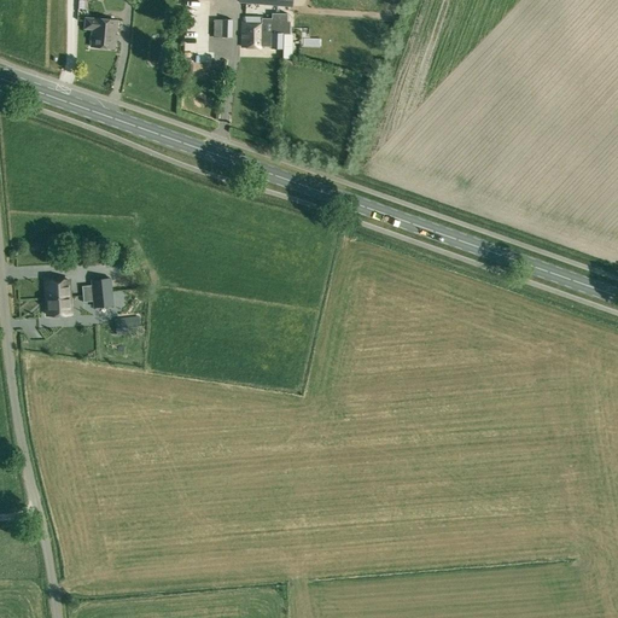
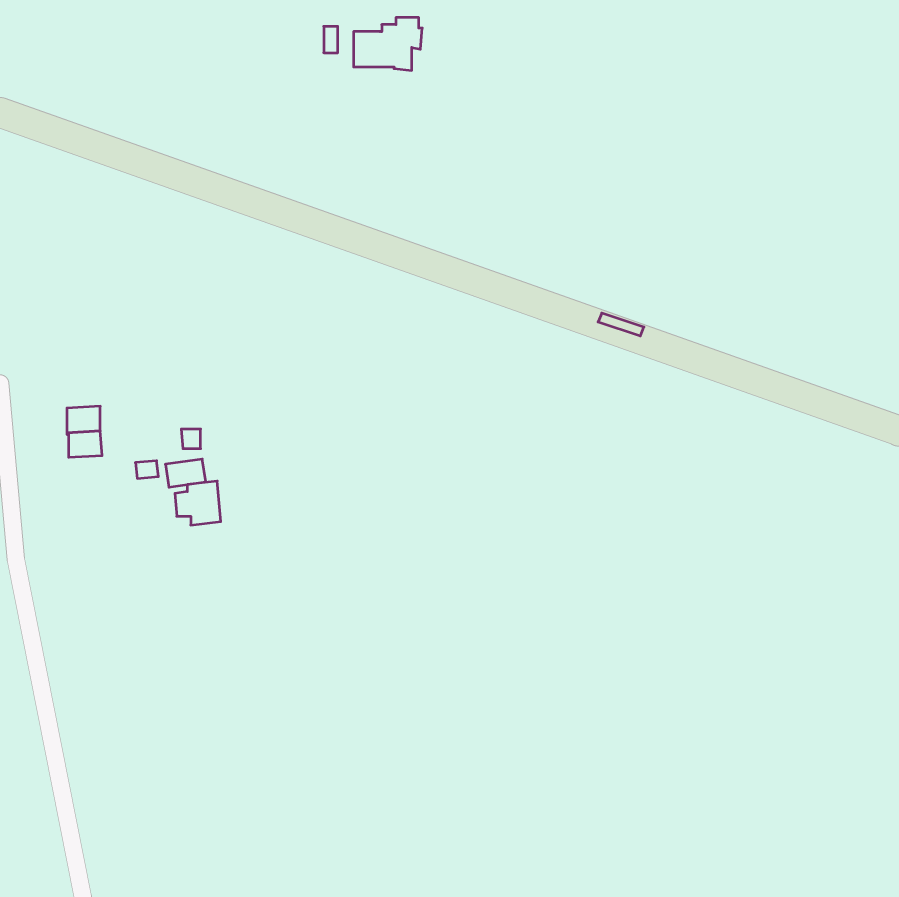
building: [84,17,117,48] -> none
building: [82,276,113,307] -> [175,481,221,525]

